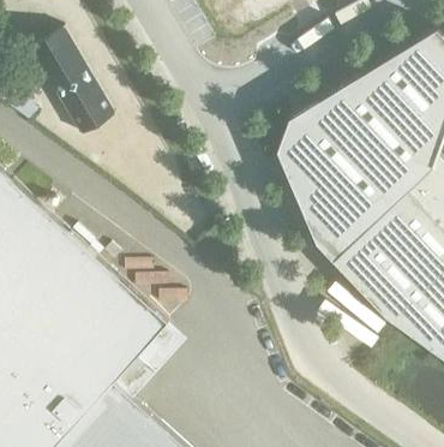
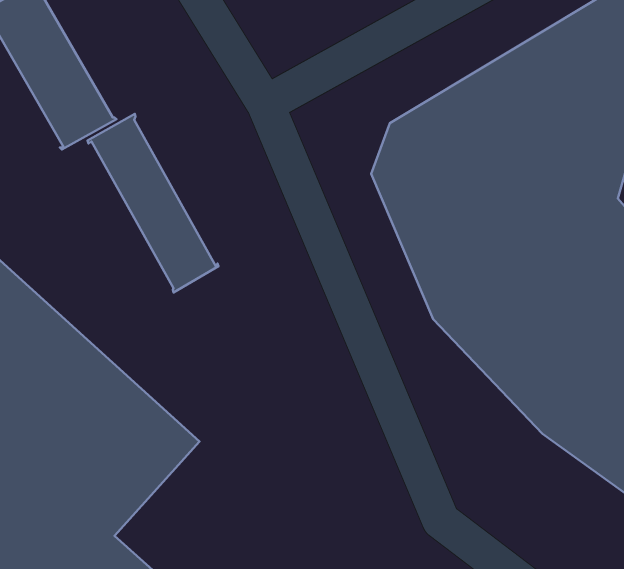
building: none -> [88,114,219,293]

